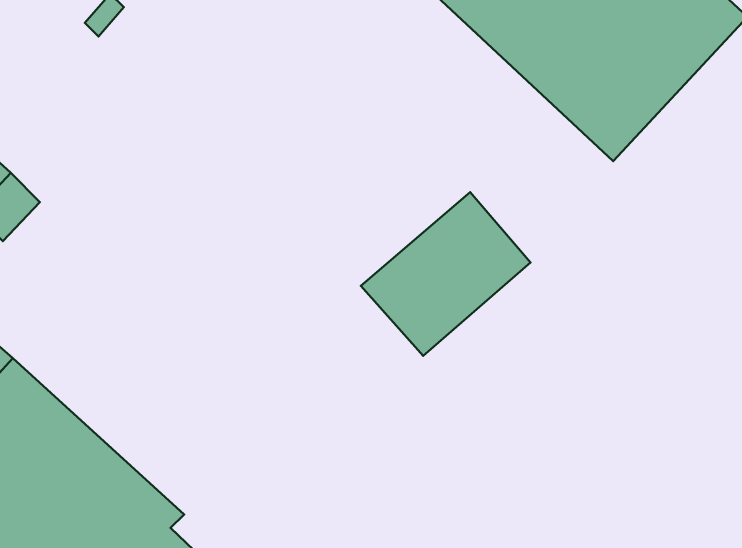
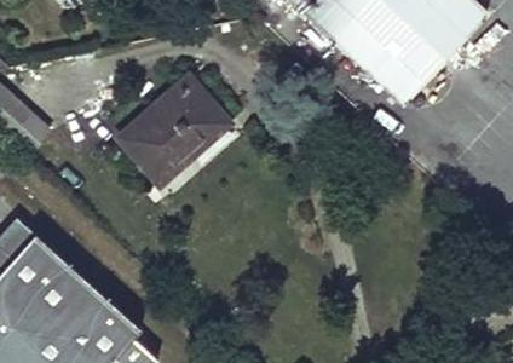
building: [361,192,531,356] -> [121,81,226,183]

